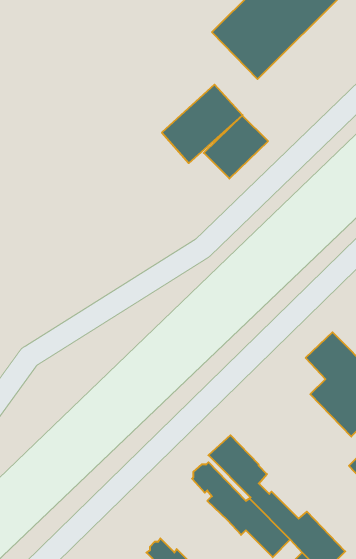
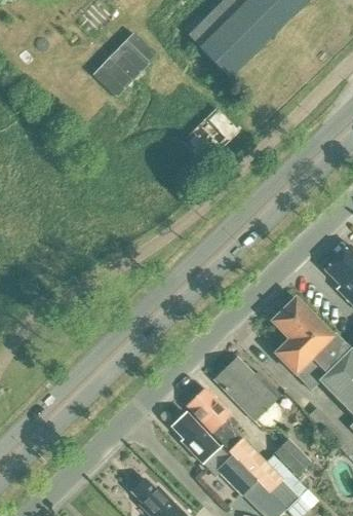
building: [162,85,243,163] -> [85,30,156,99]
building: none -> [214,357,282,427]
building: none -> [276,439,311,475]

